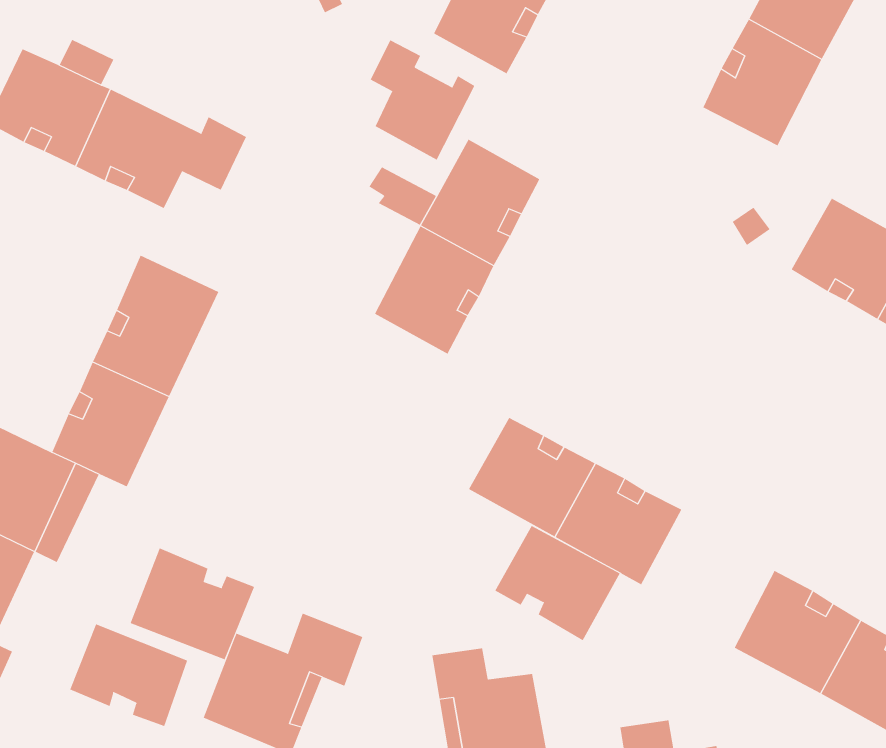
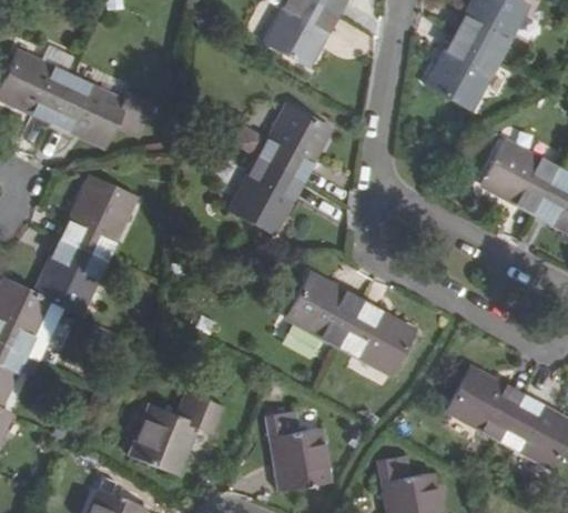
building: [370,39,475,161] -> none
building: [494,525,620,641] -> none
building: [130,547,255,660] -> none
building: [70,624,188,727] -> none

